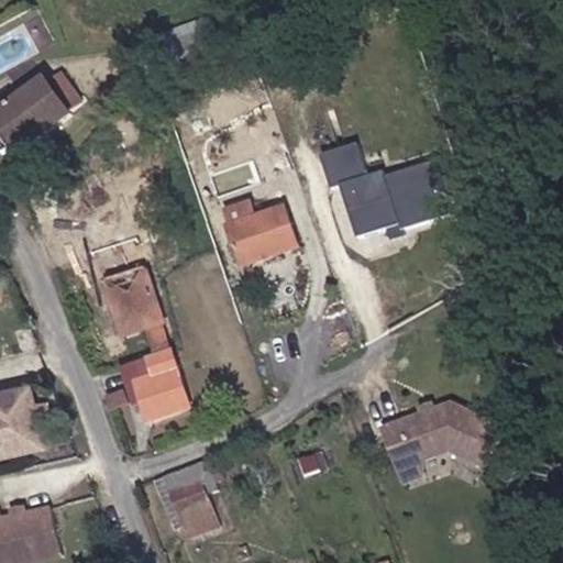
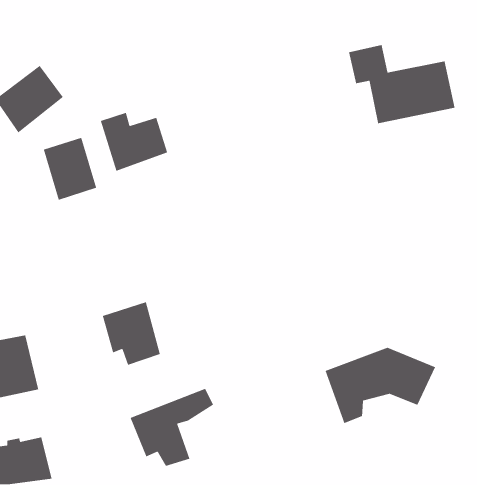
building: [316,140,440,232] -> [348,44,456,124]
building: [219,198,298,267] -> [100,112,168,172]
building: [100,263,163,336] -> [43,137,97,201]

